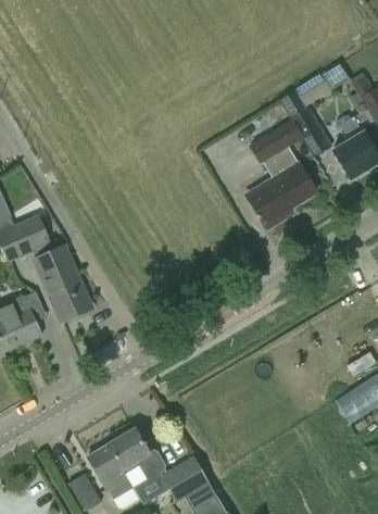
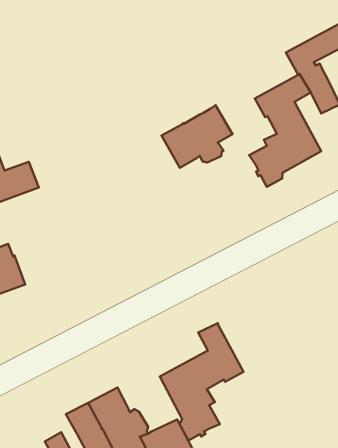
building: none -> [161,105,233,168]
building: [36,247,90,321] -> none
building: none -> [160,323,244,441]

